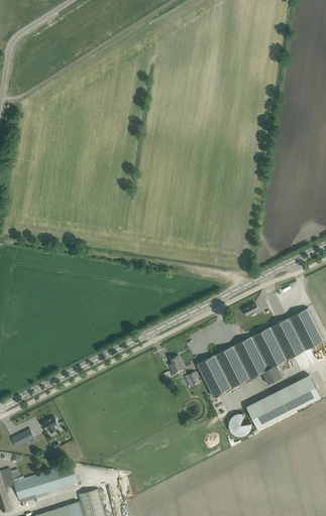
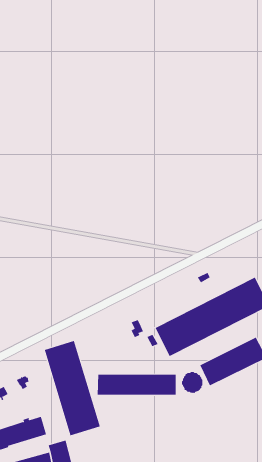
building: none -> [44,340,100,436]
building: none -> [97,374,176,396]

